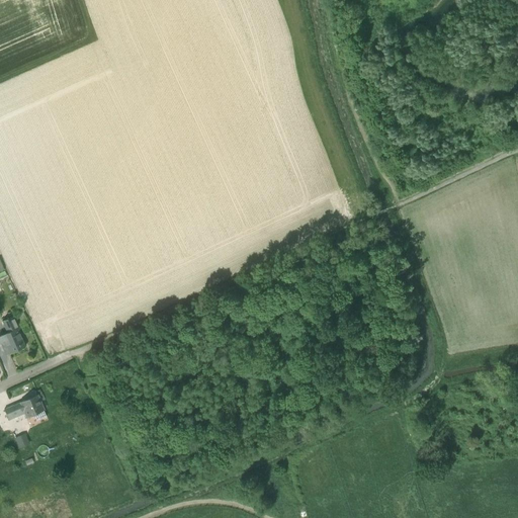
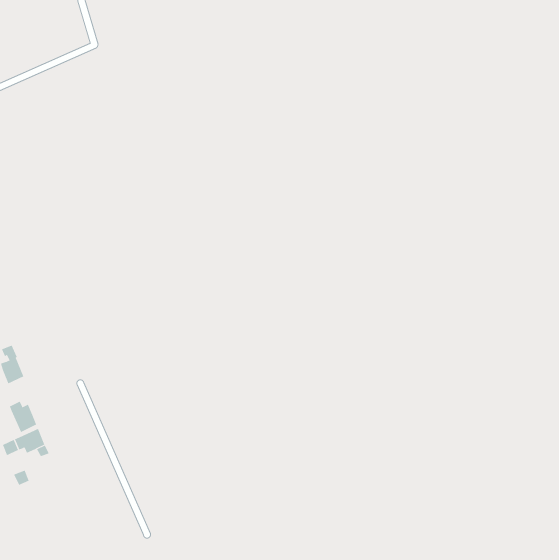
building: none -> [9,401,37,433]

